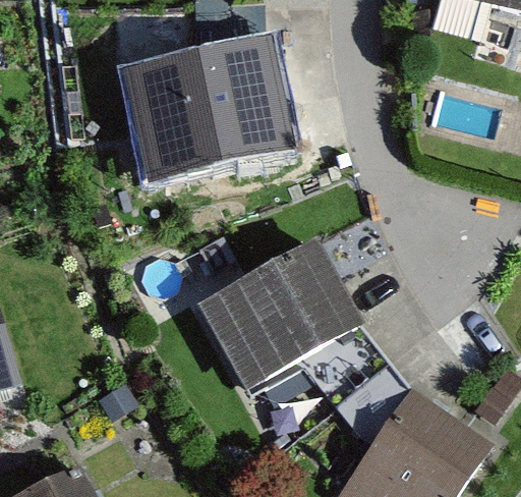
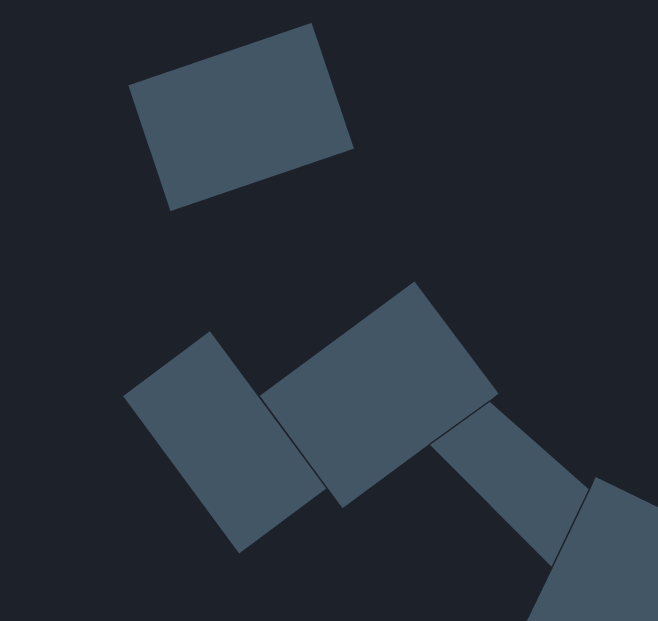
building: none -> [122,330,327,554]

